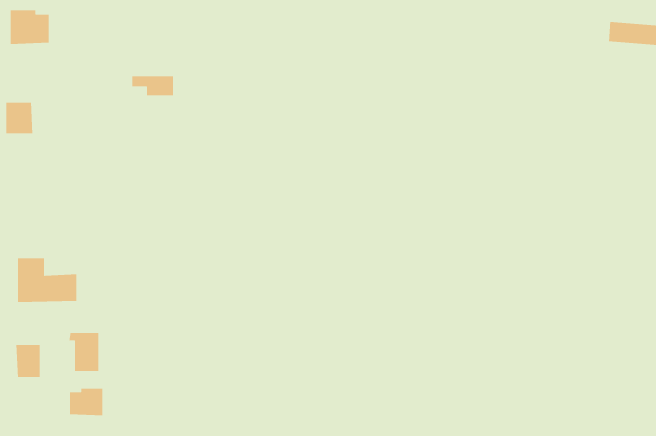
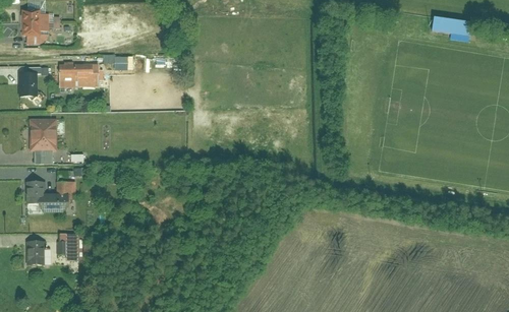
building: none -> [58,62,98,87]
building: none -> [29,117,56,149]
building: [69,388,103,416] -> none

